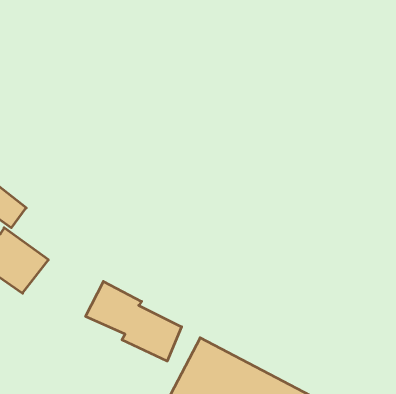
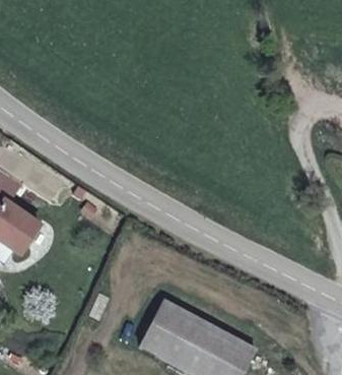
building: [86,281,182,361] -> none

